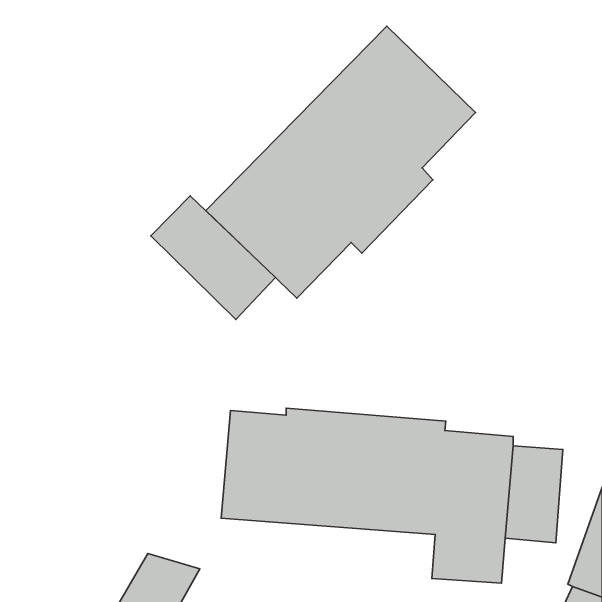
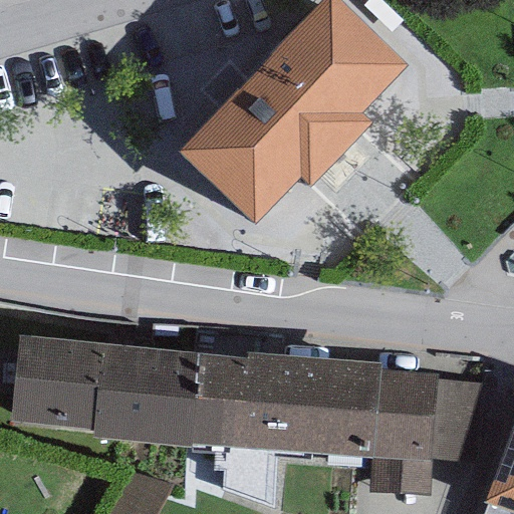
building: [151,196,275,319] -> none
building: none -> [8,333,196,446]

